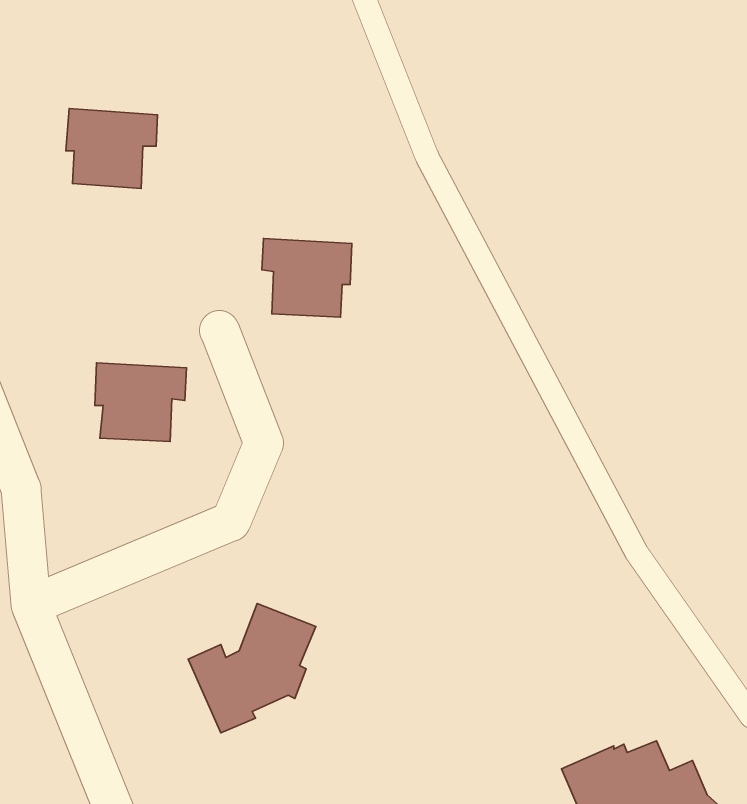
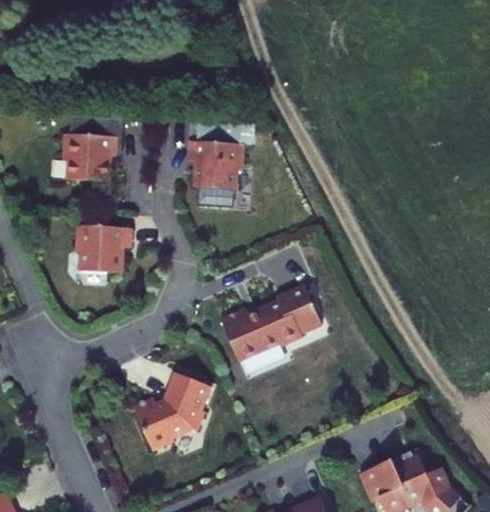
building: [66,108,158,189] -> [53,140,109,189]
building: none -> [221,284,322,360]

